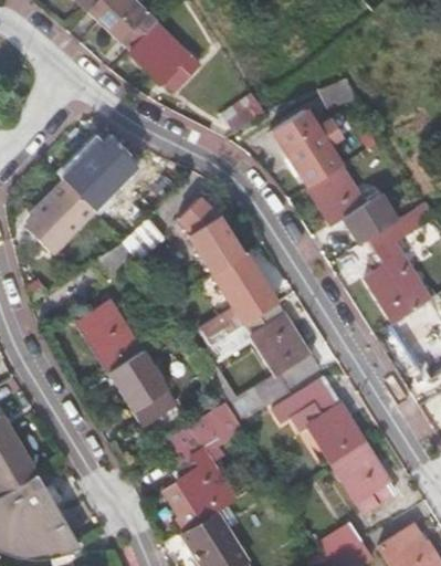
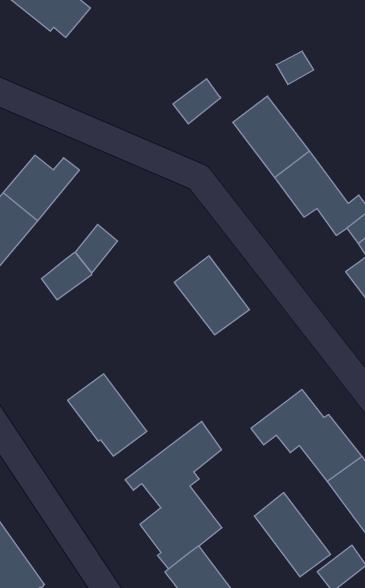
building: [129,23,199,91] -> none
building: [177,199,244,274] -> none
building: [83,300,141,371] -> none
building: [197,304,318,412] -> none
building: none -> [254,493,330,577]

